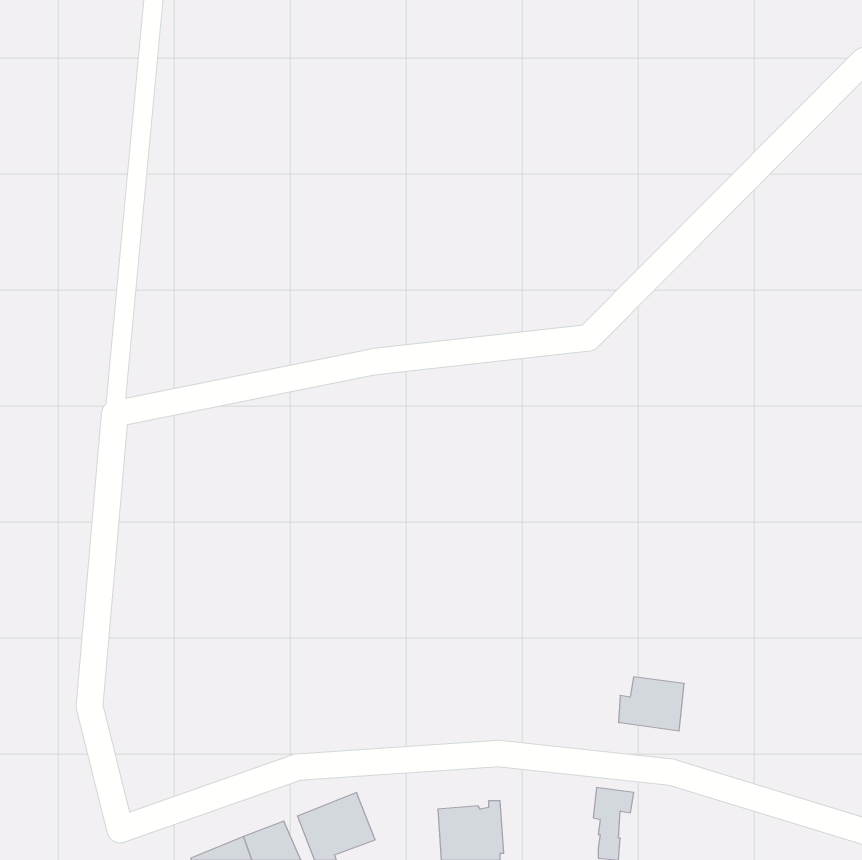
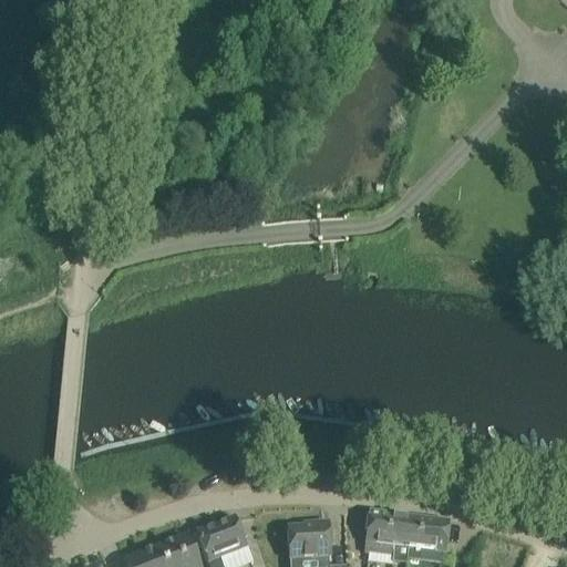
building: [618,677,684,731] -> [406,519,450,555]
building: none -> [364,513,394,556]

